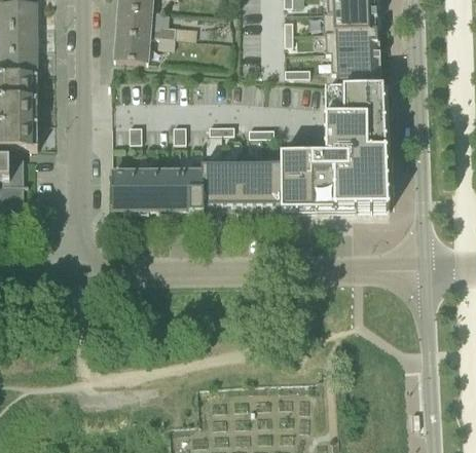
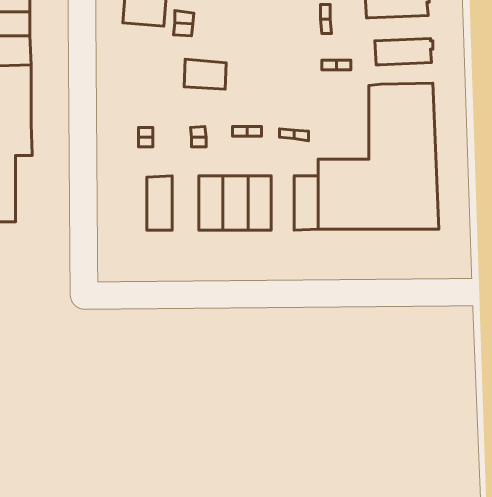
building: [325,25,377,47] -> none
building: [114,32,150,58] -> [184,59,226,89]
building: [334,66,380,84] -> none
building: [157,162,180,209] -> none
building: [242,162,261,209] -> none
building: [112,163,136,210] -> none

